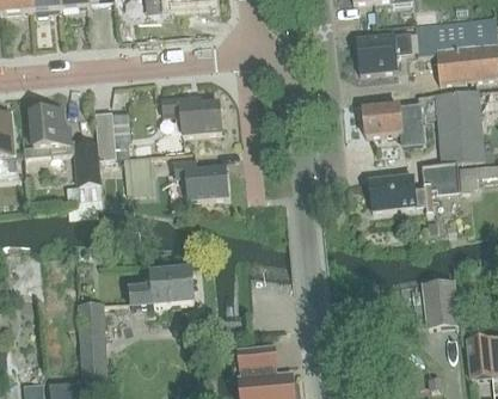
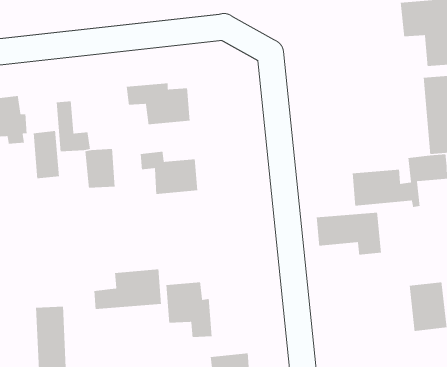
building: [356,32,411,73] -> none
building: [362,103,423,143] -> [316,212,382,256]
building: none -> [166,281,213,338]

